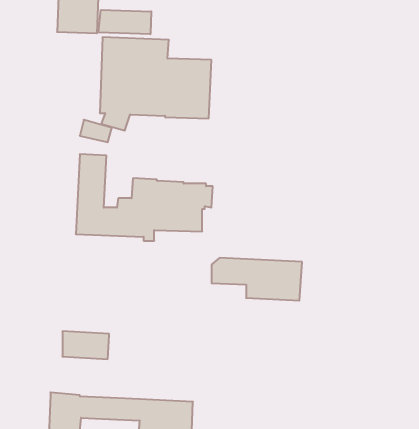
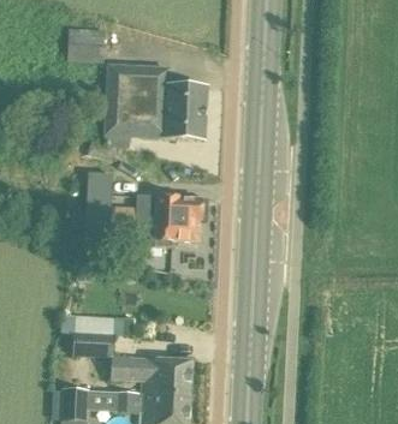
building: [99,10,151,34] -> none
building: [212,258,302,301] -> [111,356,192,394]

